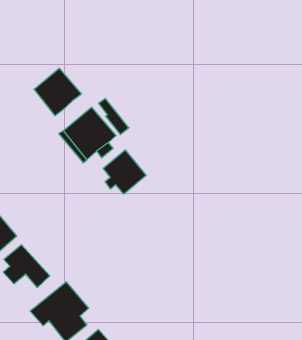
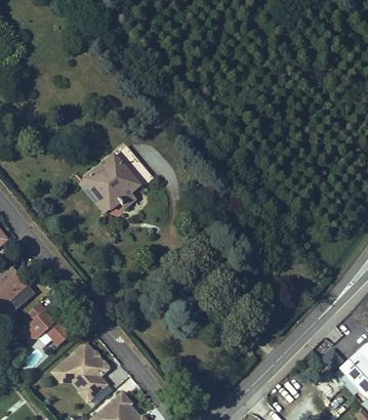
building: [34,68,81,116] -> none
building: [103,150,146,194] -> none

